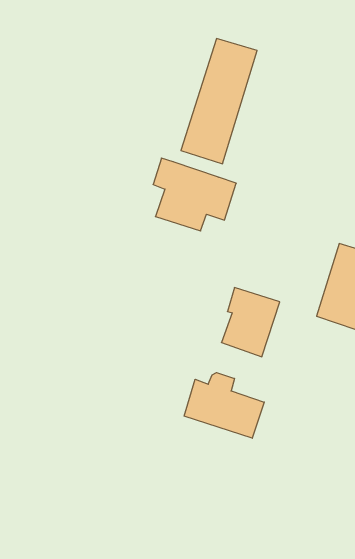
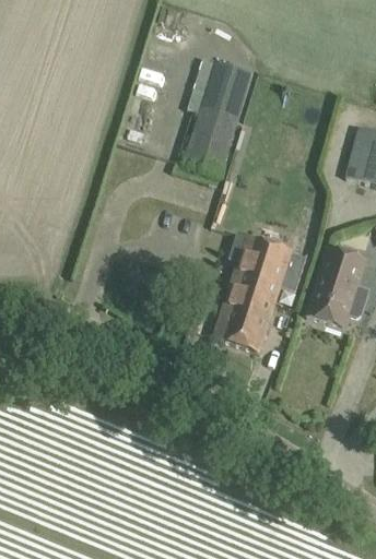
building: [153,158,236,231] -> [230,234,306,300]
building: [184,373,264,438] -> none

